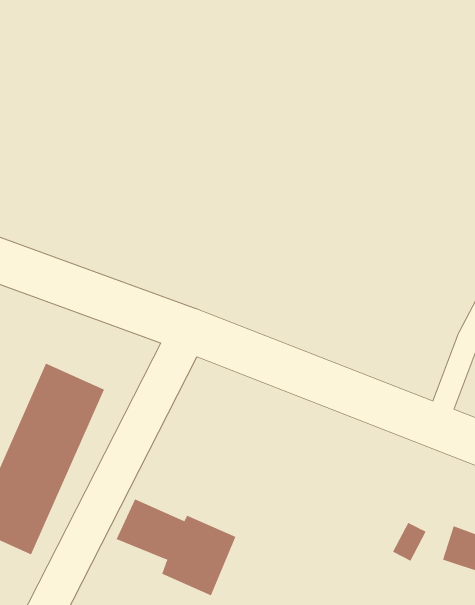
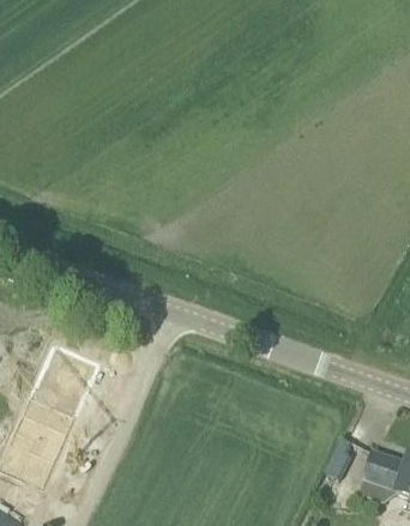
building: [116,498,236,596] -> none

